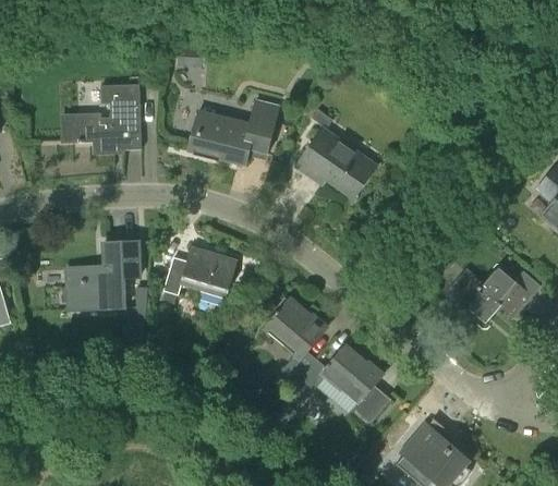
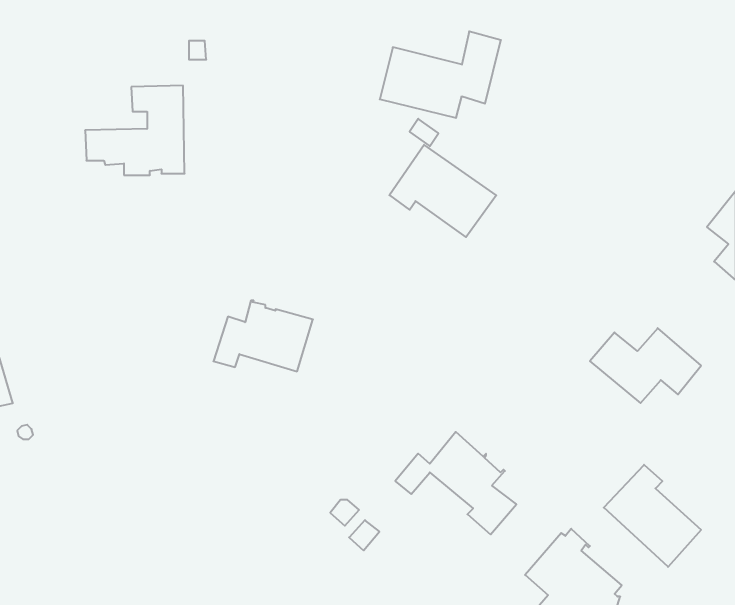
building: [187,99,279,165] -> [380,31,501,118]
building: [66,242,140,308] -> none
building: [265,295,327,387] -> none
building: none -> [604,465,701,567]

